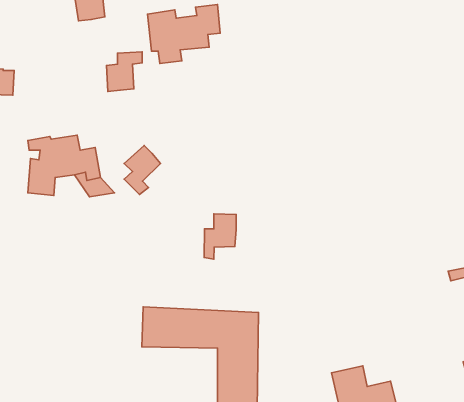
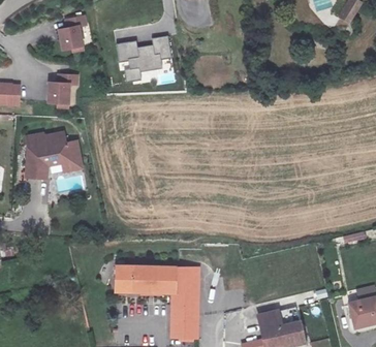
building: [107,52,142,92] -> [49,72,75,102]
building: [124,145,160,195] -> none
building: [204,214,236,259] -> none

